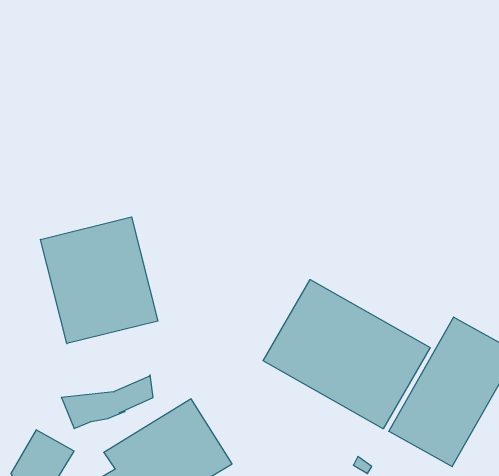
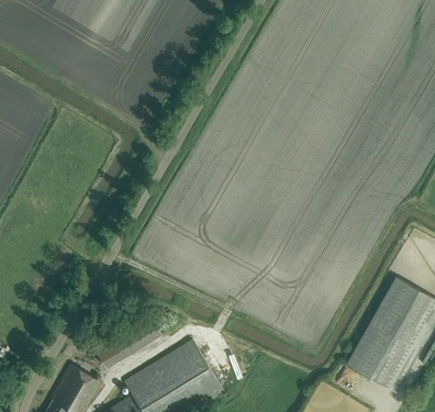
building: [40,217,158,344] -> none
building: [263,280,430,429] -> none

